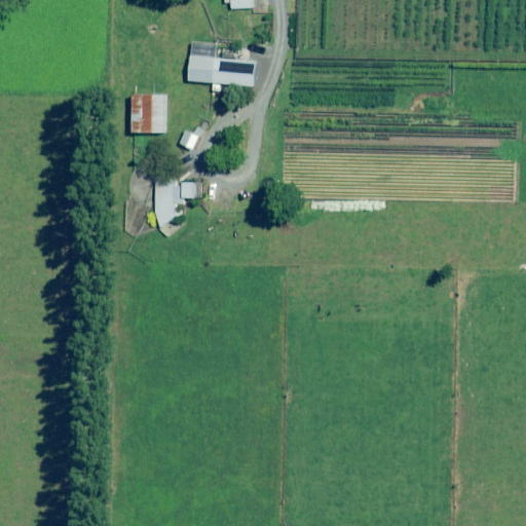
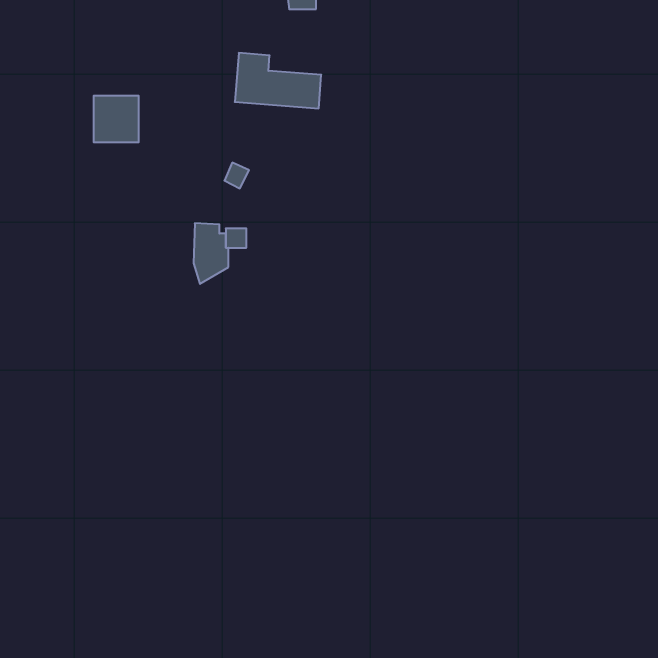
building: [130,93,166,130] -> [94,96,139,142]

